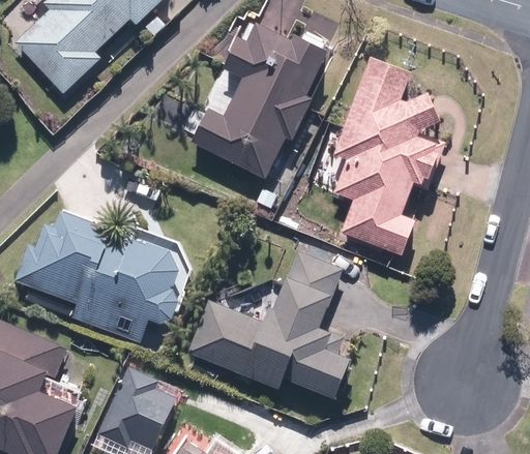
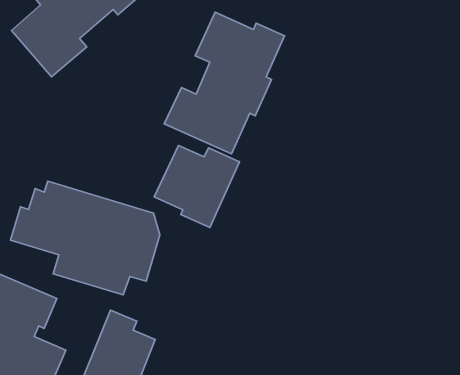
building: [329,58,443,258] -> none
building: none -> [154,145,240,227]
building: [185,251,349,400] -> none

